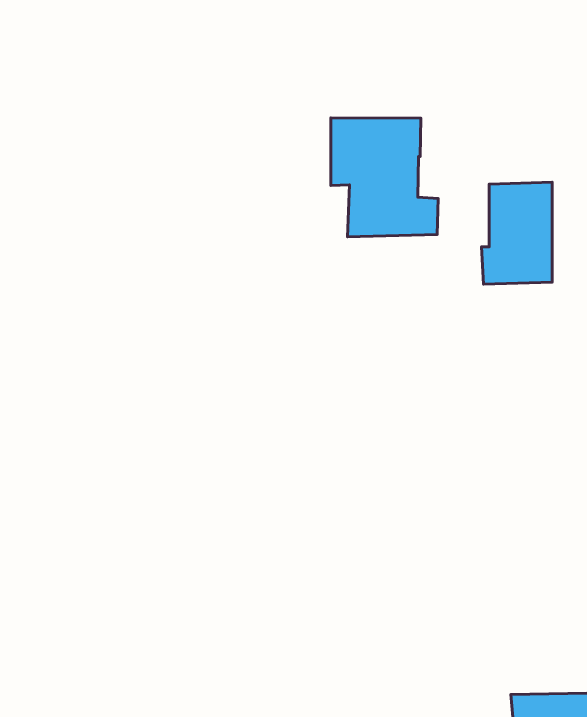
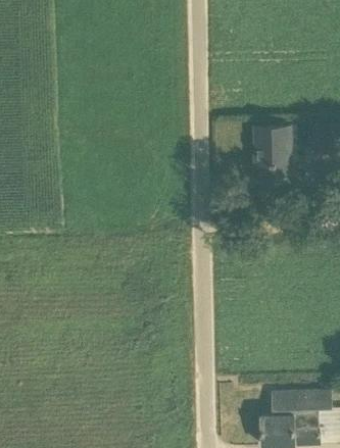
building: [331,118,438,237] -> none

